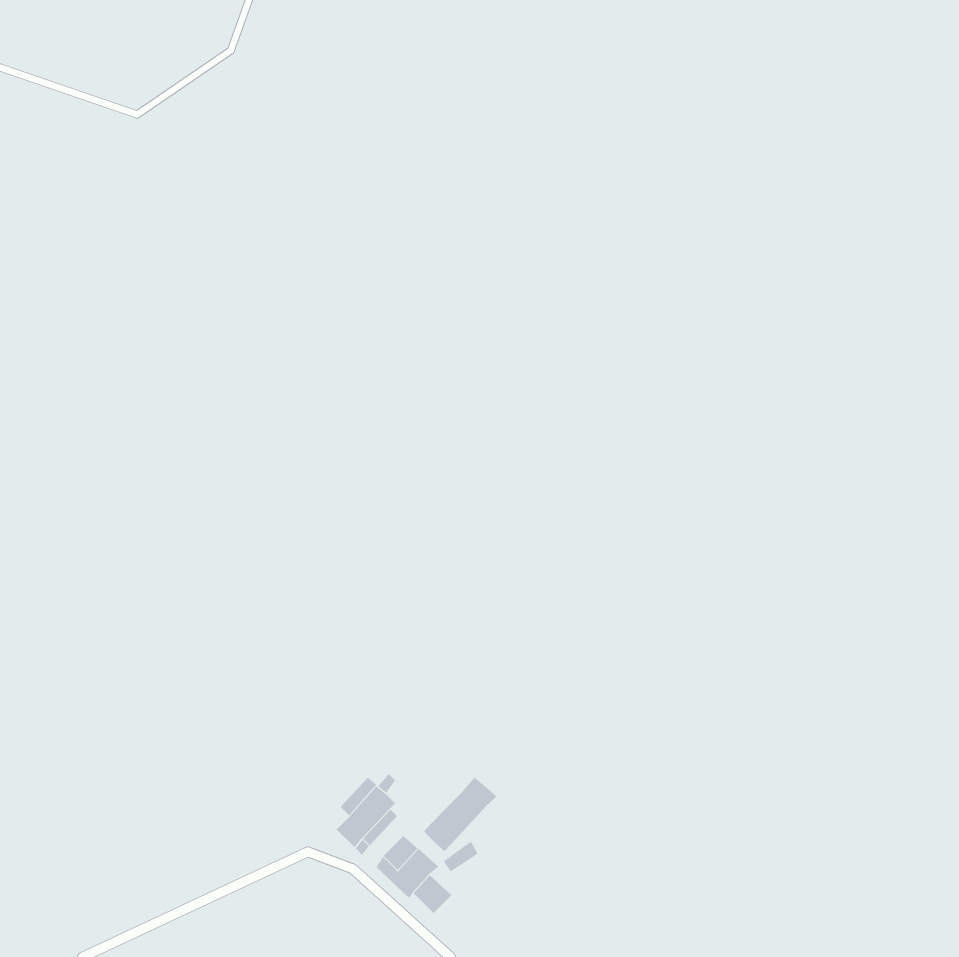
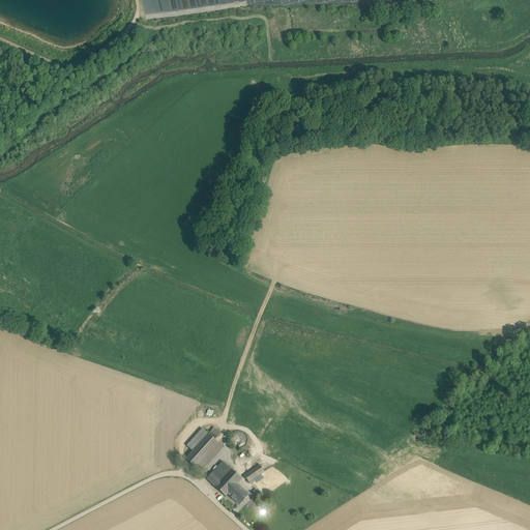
building: [422,776,498,852] -> none

